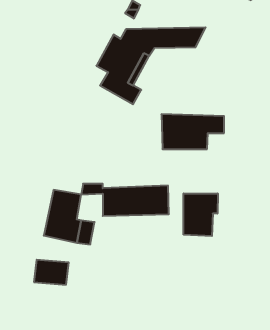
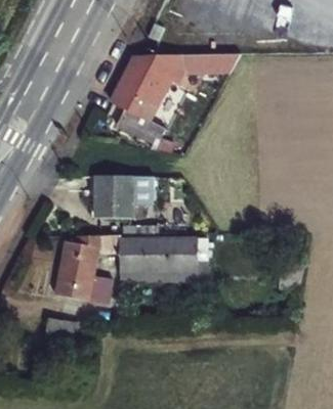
building: [161,114,224,149] -> [96,173,168,213]
building: [184,193,218,236] -> none

